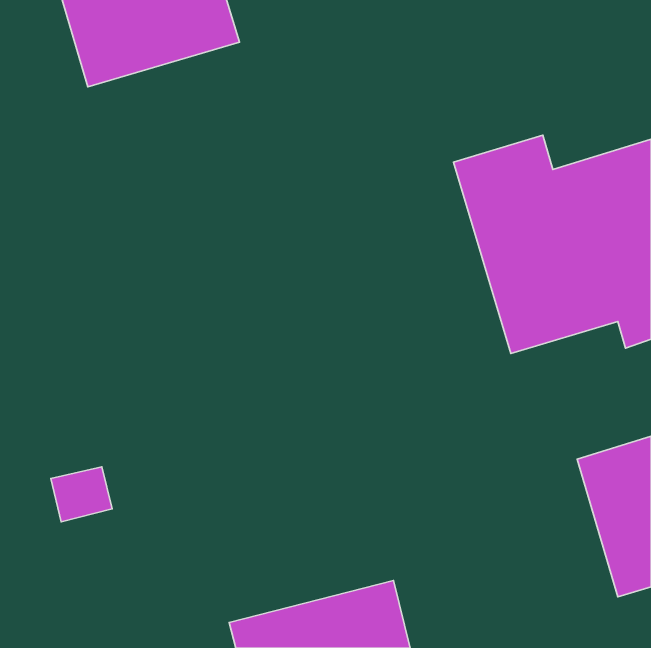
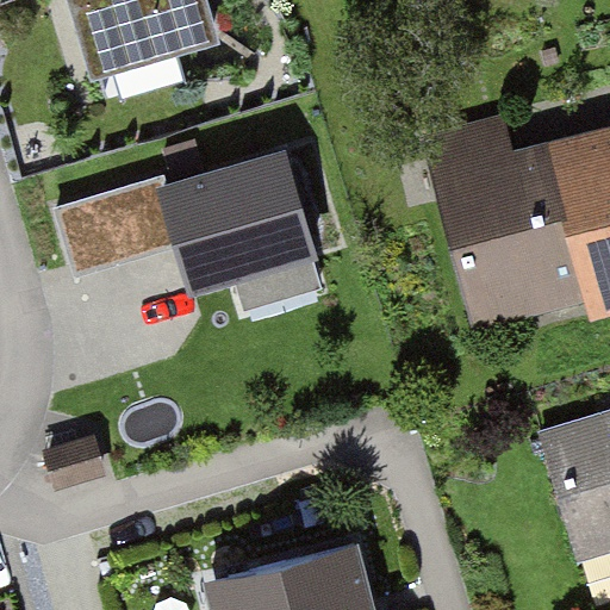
building: none -> [55,151,320,301]

